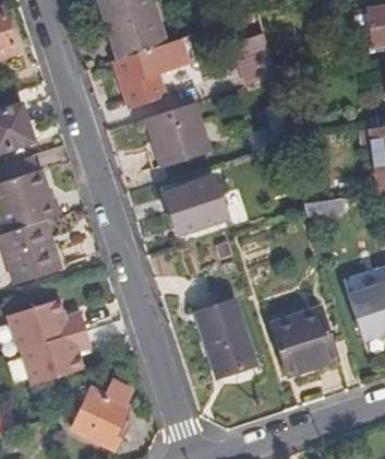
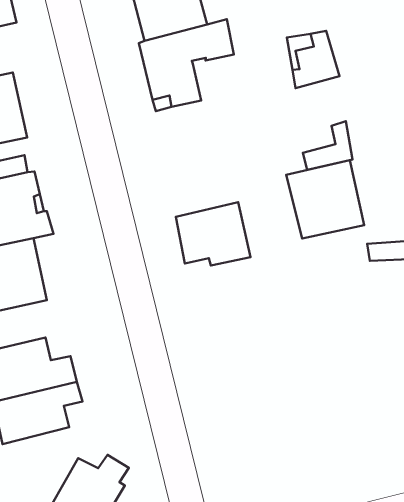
building: [146,101,210,165] -> [286,160,364,238]
building: [196,301,253,378] -> none
building: [272,308,333,377] -> none

